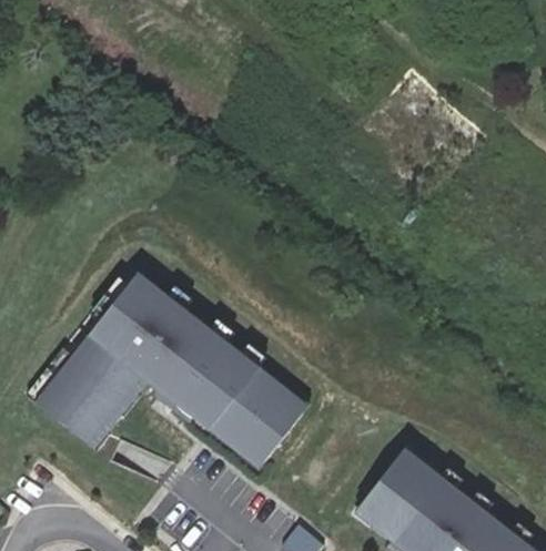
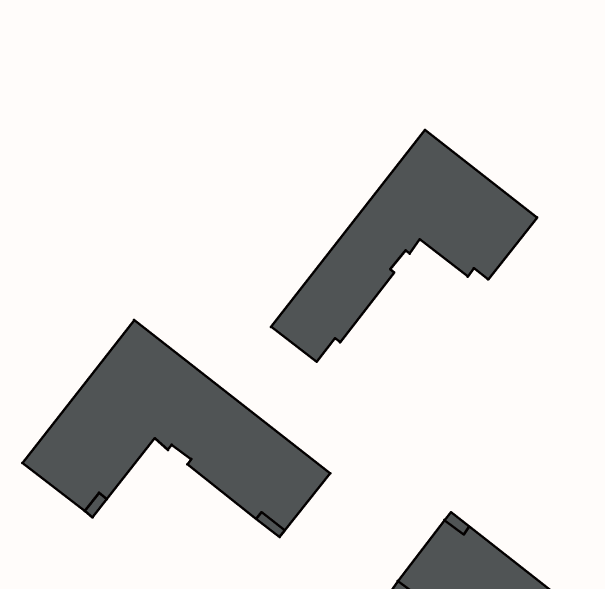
building: none -> [271,130,537,362]

